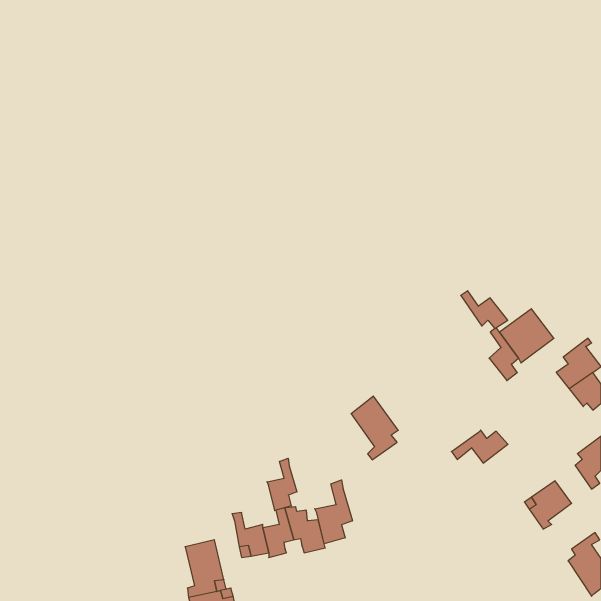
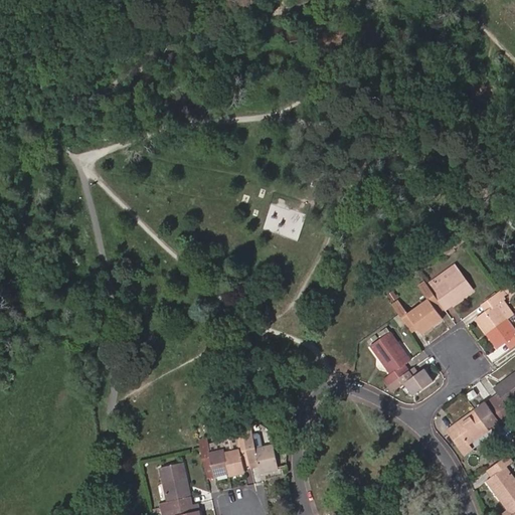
building: [461,291,508,328] -> [392,301,433,333]
building: [351,396,398,460] -> [369,331,409,385]
building: [267,458,297,511] -> none
building: none -> [474,398,508,431]
building: [315,480,352,544] -> none

